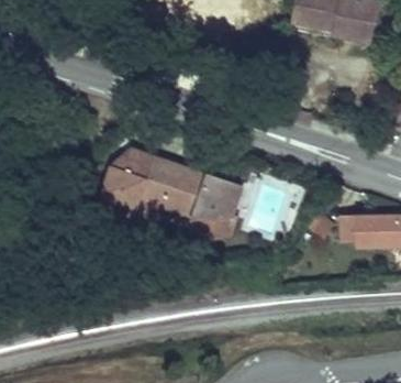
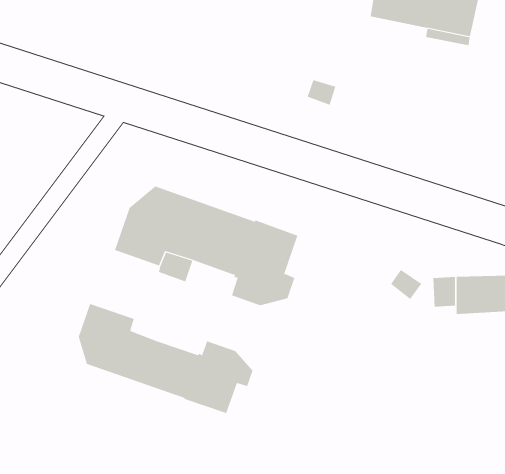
building: none -> [78,303,253,414]

